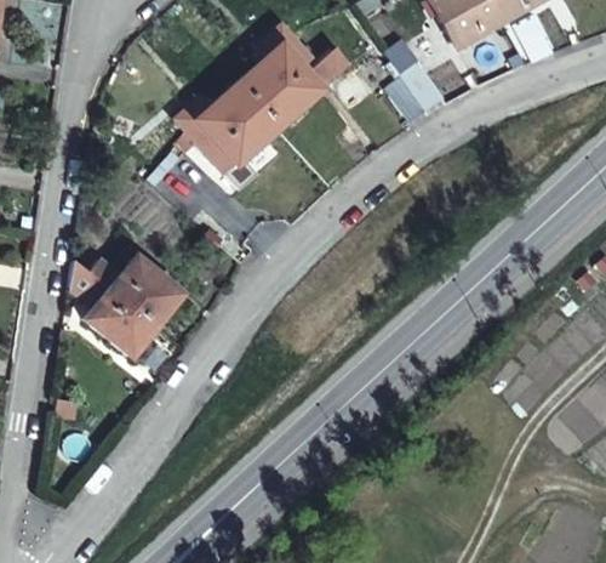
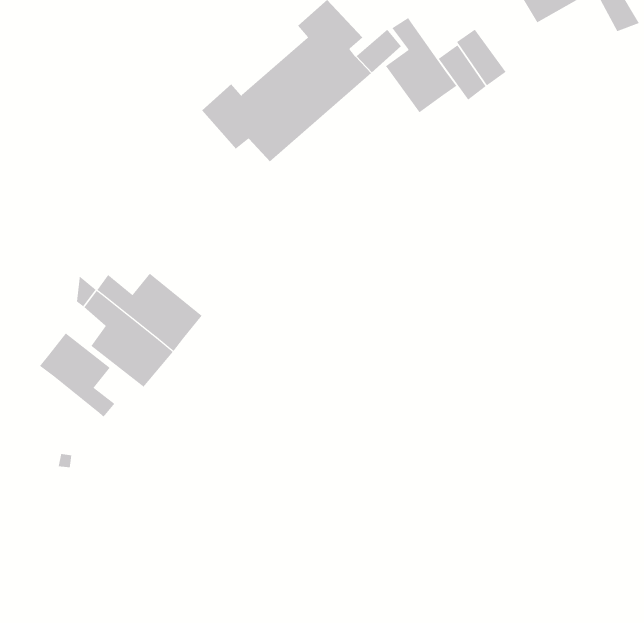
building: none -> [385,17,457,113]
building: none -> [39,332,115,417]

